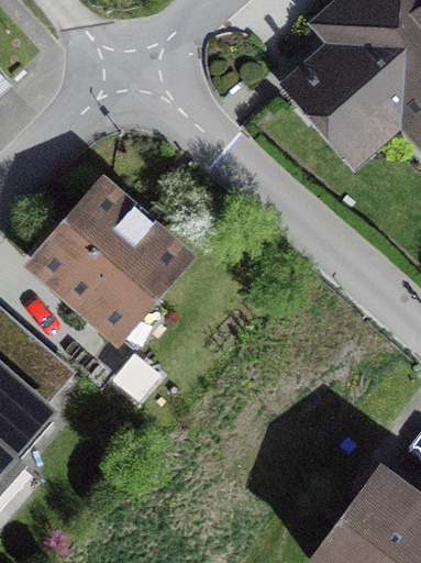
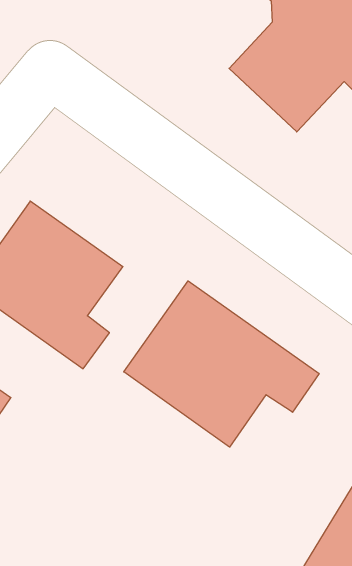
building: none -> [124,281,319,447]

